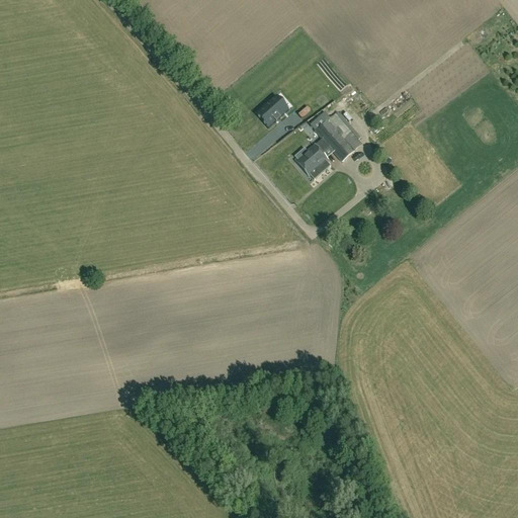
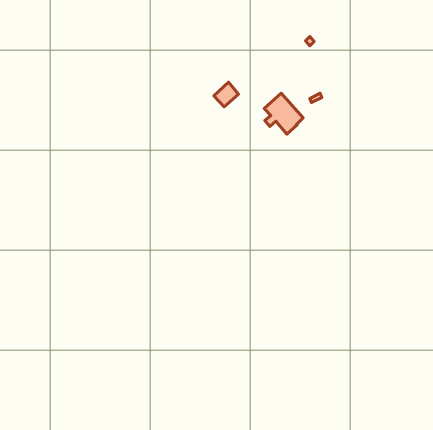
building: [296,142,329,174] -> none

